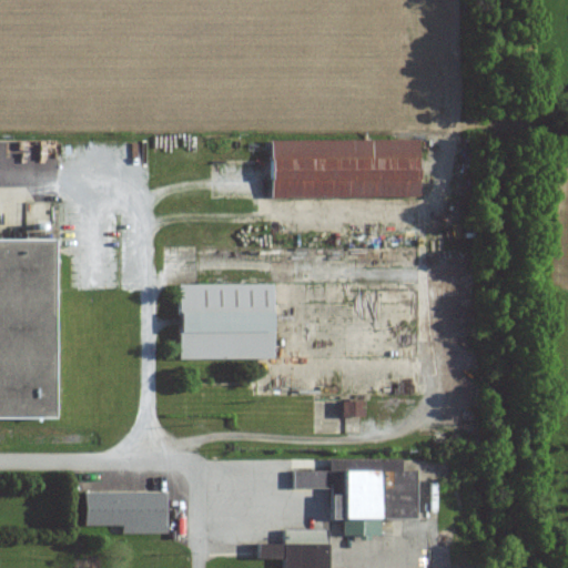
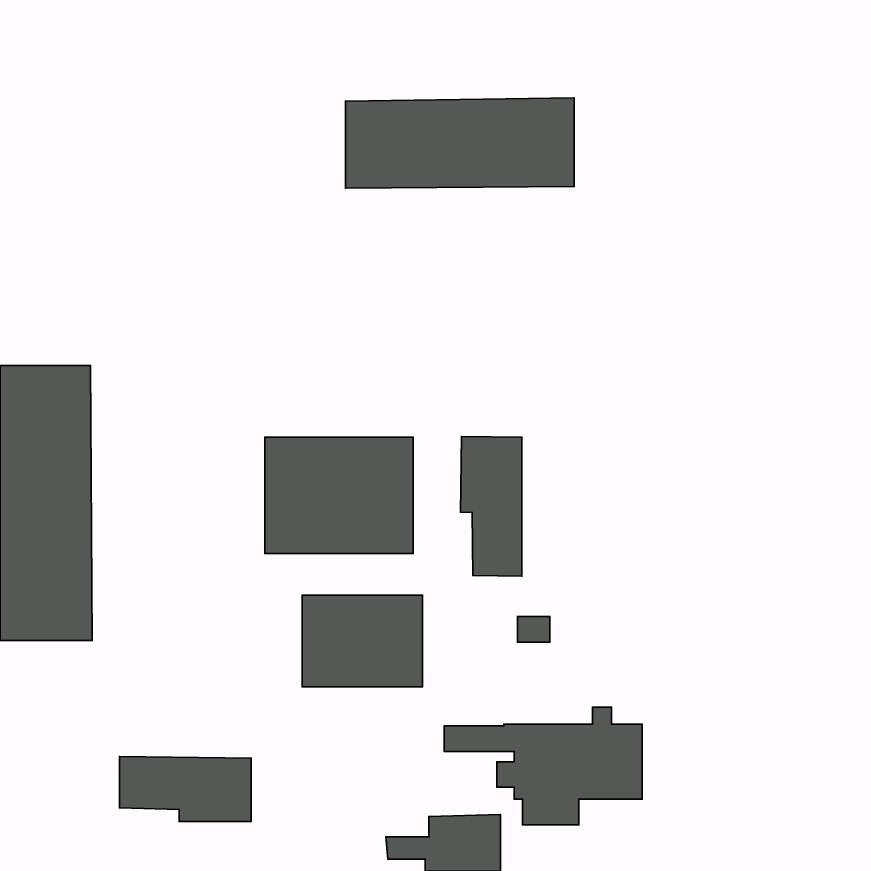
building: [264,139,413,197] -> [345,98,574,188]
building: none -> [461,436,522,576]
building: none -> [302,595,422,687]

